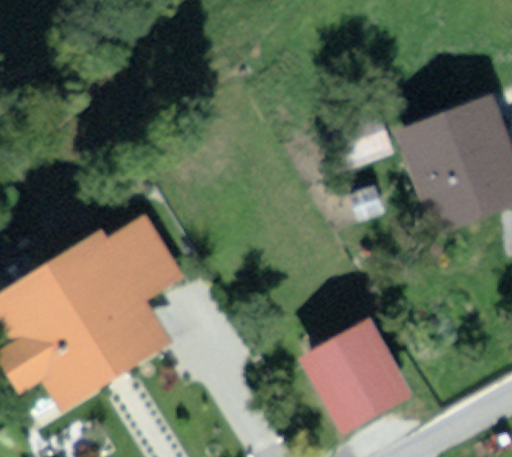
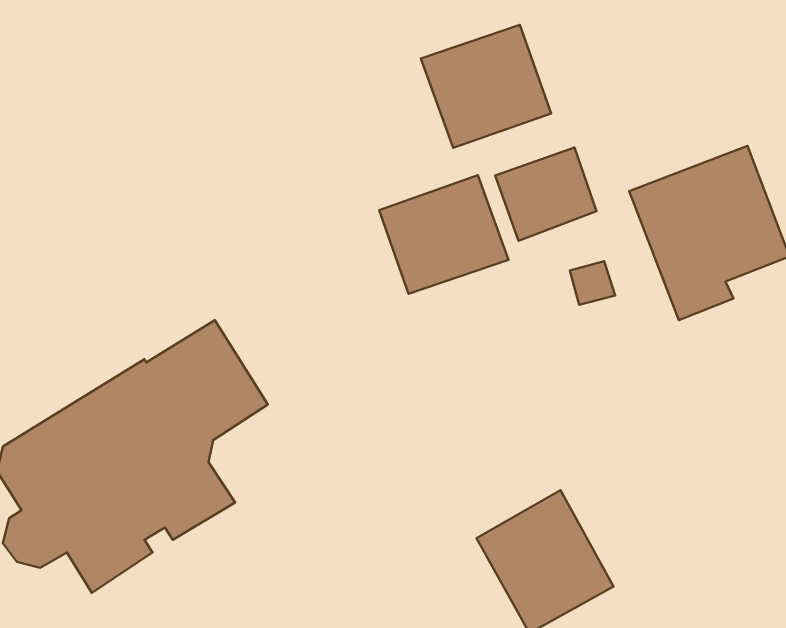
building: none -> [421,25,551,148]
building: none -> [379,175,508,294]

